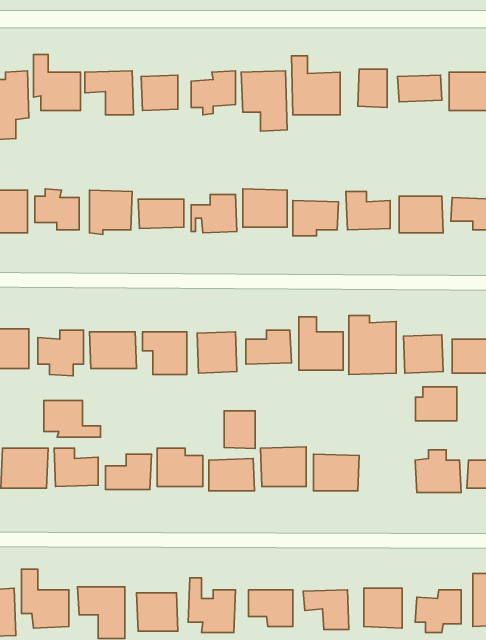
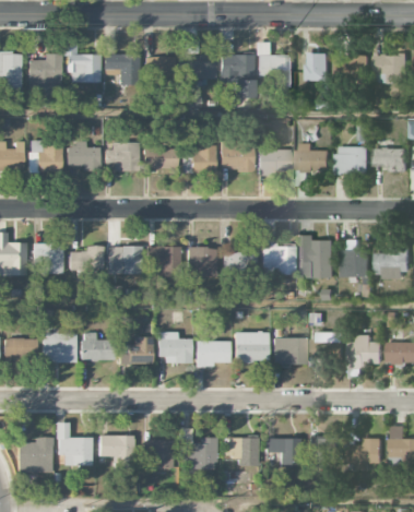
building: [415,387,457,421] -> [314,332,344,357]
building: [44,400,100,437] -> none
building: [224,411,255,449] -> none

